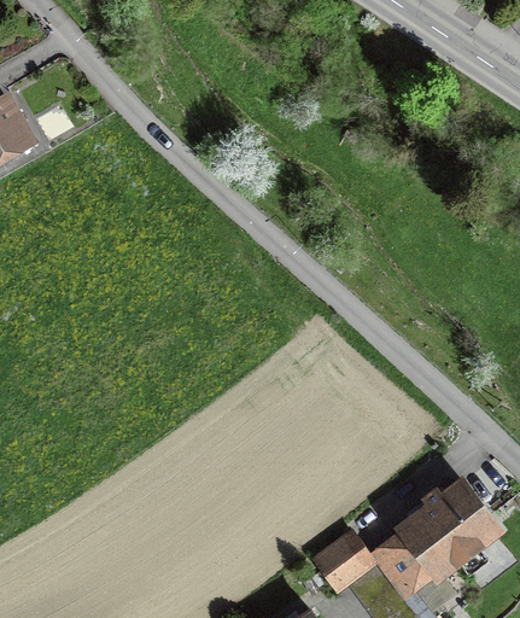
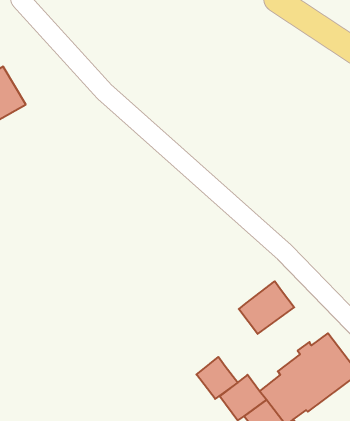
building: none -> [239,281,294,334]
building: none -> [196,357,238,399]

